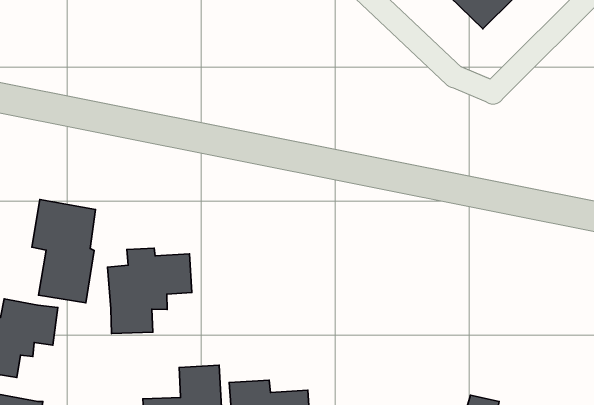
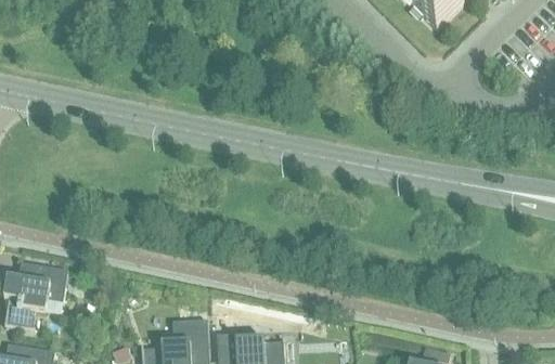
building: [32,199,96,303] -> none
building: [108,248,192,333] -> none

